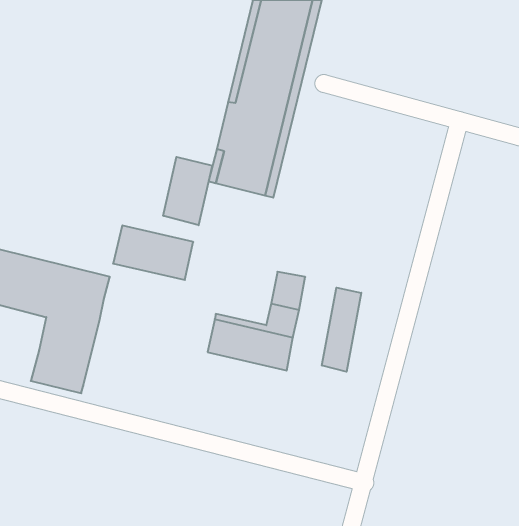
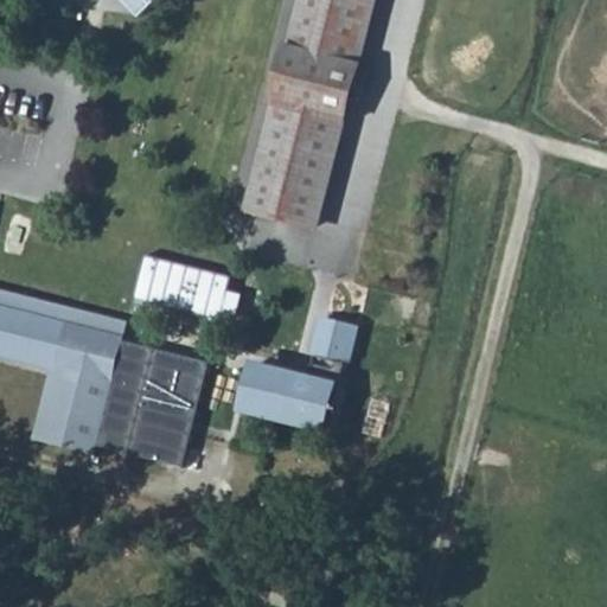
building: [163,157,212,225] -> none
building: [322,288,361,372] -> none
building: none -> [96,345,202,467]

